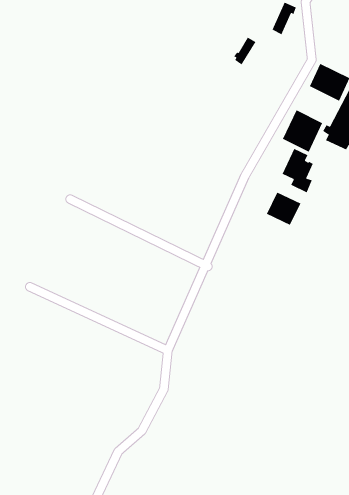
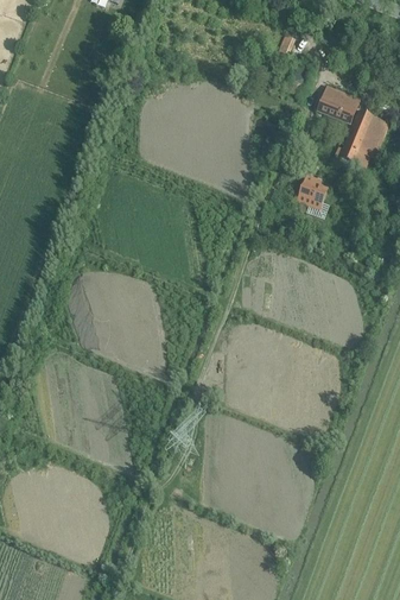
building: [282,109,323,153] -> none
building: [266,192,301,226] -> none

